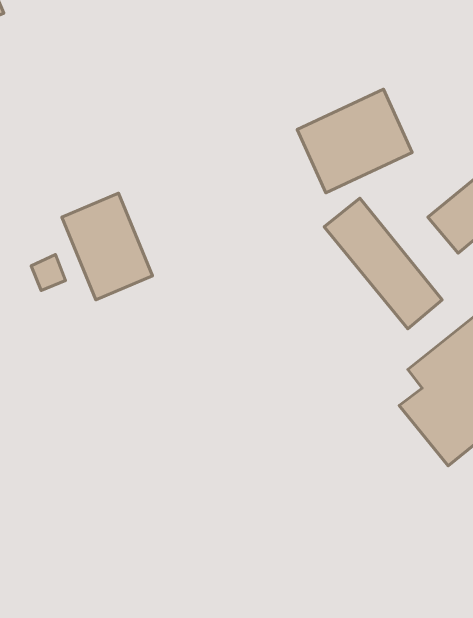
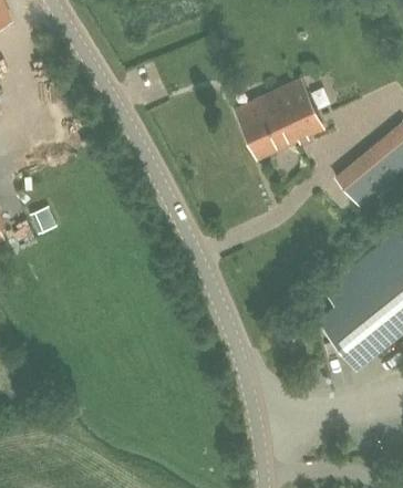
building: [62,193,152,300] -> none
building: [324,198,442,329] -> none

